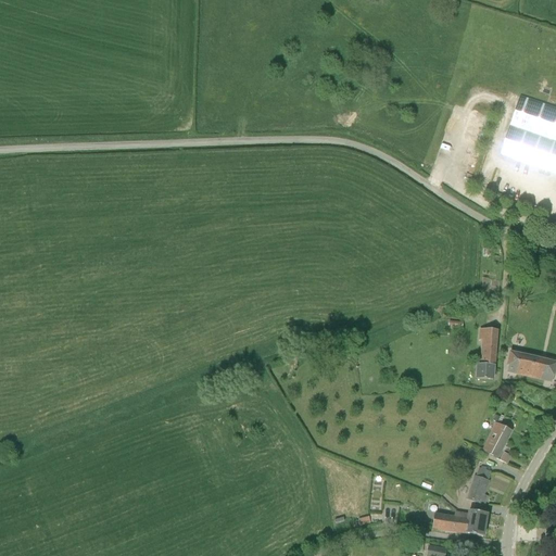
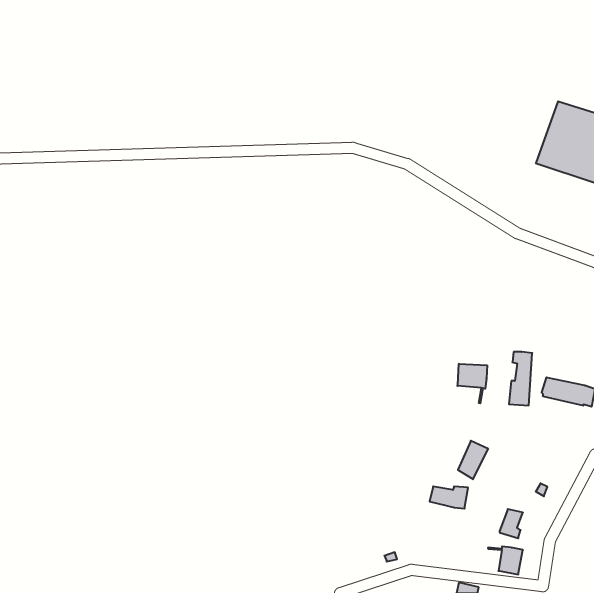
building: none -> [457,364,487,403]
building: [483,421,511,457] -> [458,441,488,479]
building: [433,511,469,532] -> [430,486,468,509]

